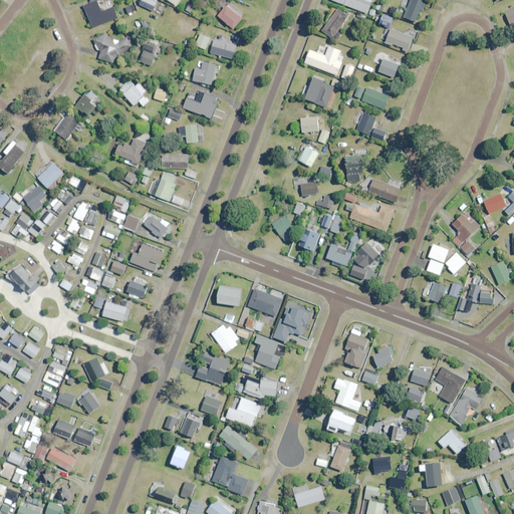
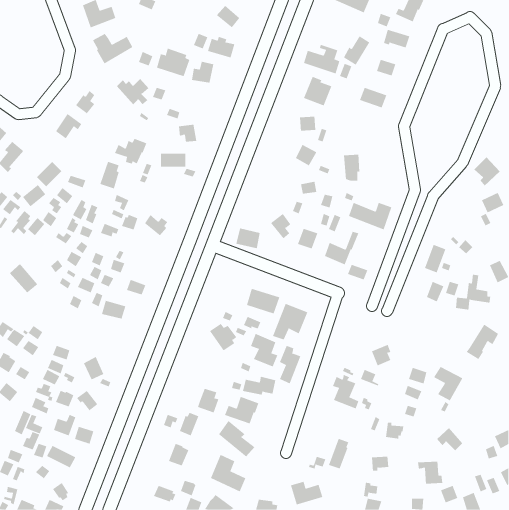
building: [319,7,346,37] -> [343,35,370,65]
building: [184,88,218,117] -> [156,48,190,77]
building: [355,112,386,141] -> none
building: [155,173,175,201] -> [99,161,119,189]
building: [367,178,402,201] -> none
building: [452,211,479,241] -> [473,156,500,186]
building: [130,241,163,272] -> none
building: [352,242,379,269] -> none
building: [216,285,241,306] -> [235,228,260,249]
building: [345,328,367,367] -> [279,345,301,384]
building: [195,353,229,384] -> none
building: [448,388,481,424] -> [466,324,499,360]
building: [326,409,354,432] -> none

